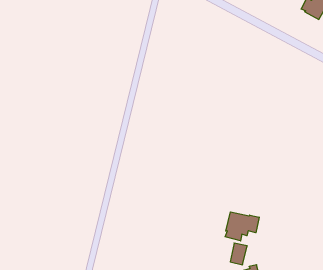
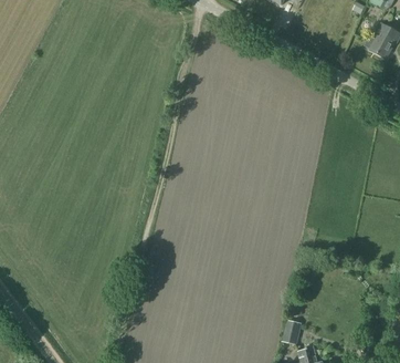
building: [225,212,259,241] -> none

